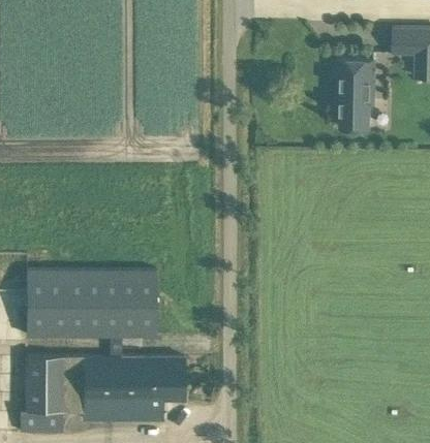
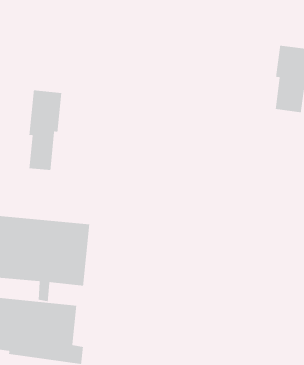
building: none -> [28,90,62,171]
building: [151,358,184,402] -> none

